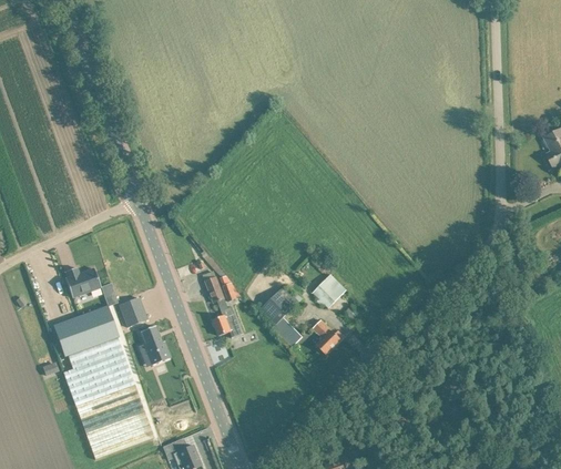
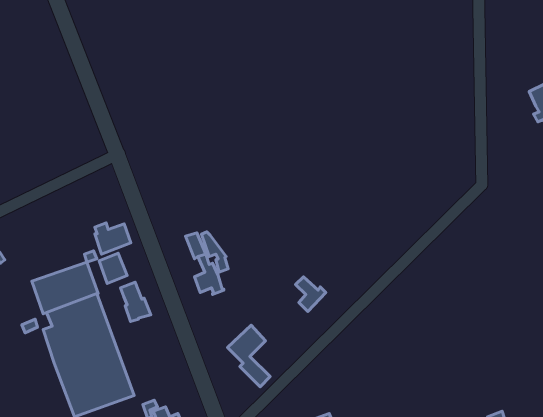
building: [64,266,100,297] -> [95,223,131,254]
building: [312,274,346,307] -> none
building: [259,285,302,346] -> [227,325,270,387]

